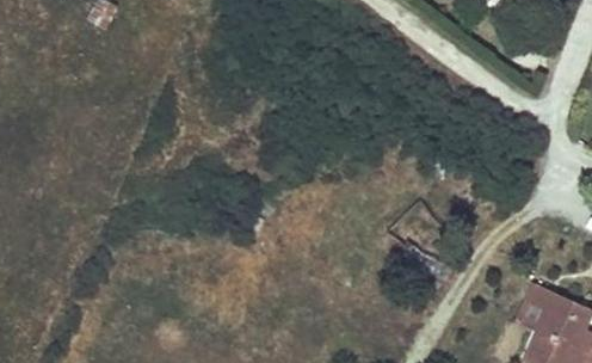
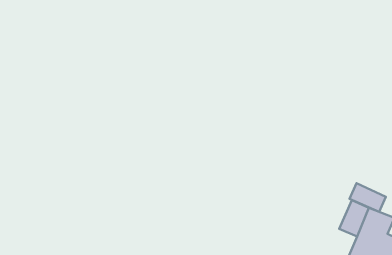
building: none -> [349,183,386,212]

